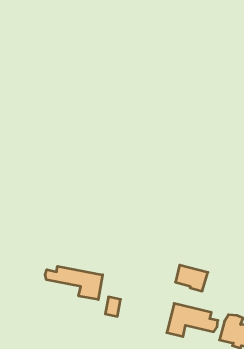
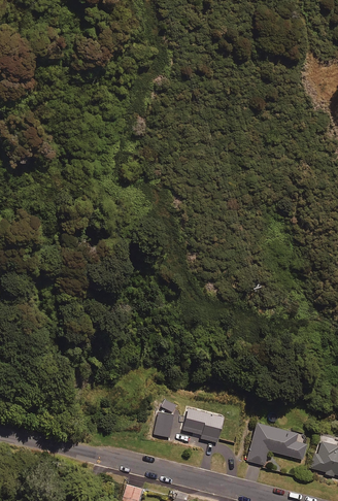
building: [175,265,208,291] -> [189,410,230,443]
building: [45,266,103,300] -> none

